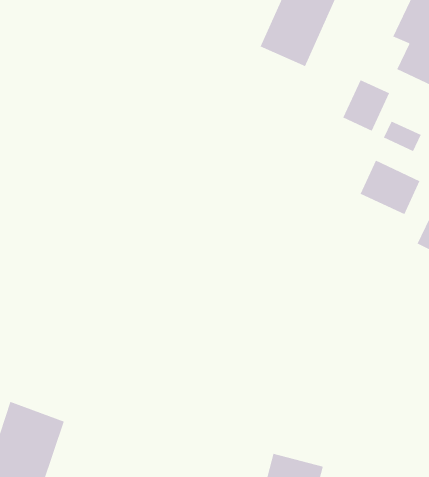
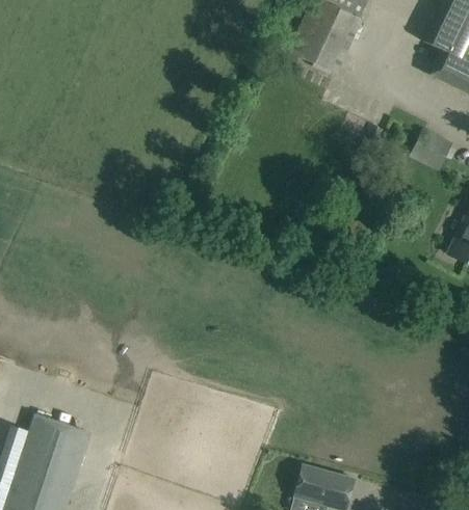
building: [342,79,390,132] -> none
building: [360,160,421,215] -> none

